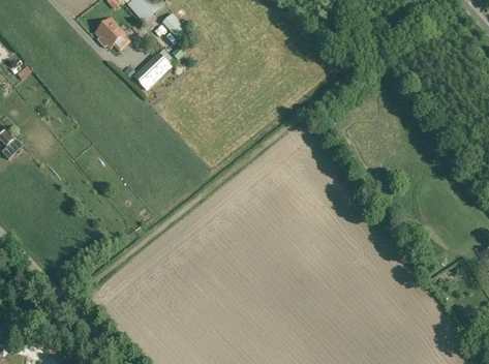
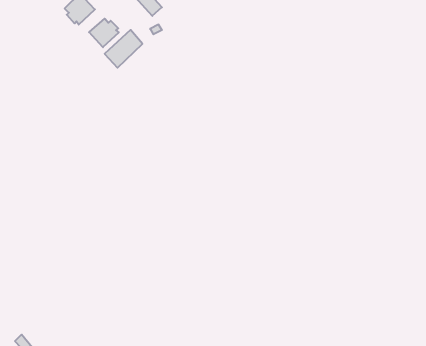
building: none -> [89,19,119,47]

